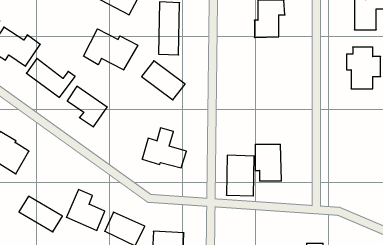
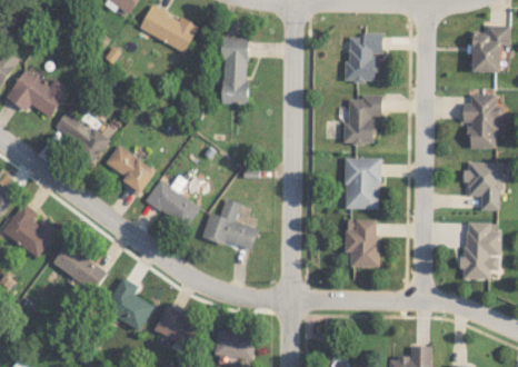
building: [84,29,138,70] -> none
building: none -> [342,96,381,145]
building: [142,61,185,100] -> [143,179,199,229]
building: none -> [464,161,500,210]
building: none -> [462,222,499,279]
building: [226,155,254,196] -> [343,157,379,209]
building: [19,196,62,232] -> [51,245,107,290]

